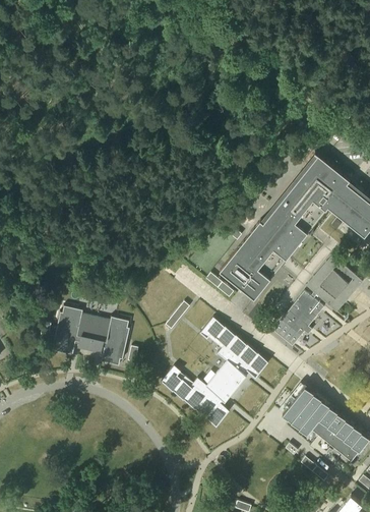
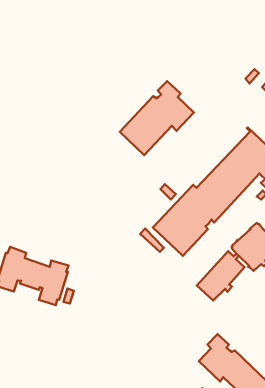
building: none -> [120,81,194,155]
building: [161,318,267,428] -> none

